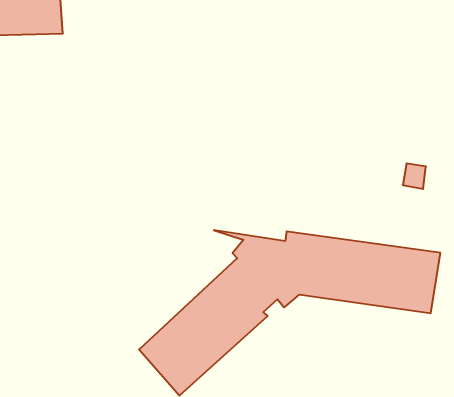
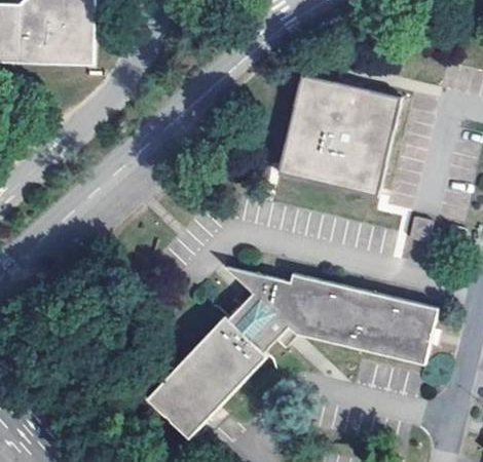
building: none -> [281,75,402,195]

